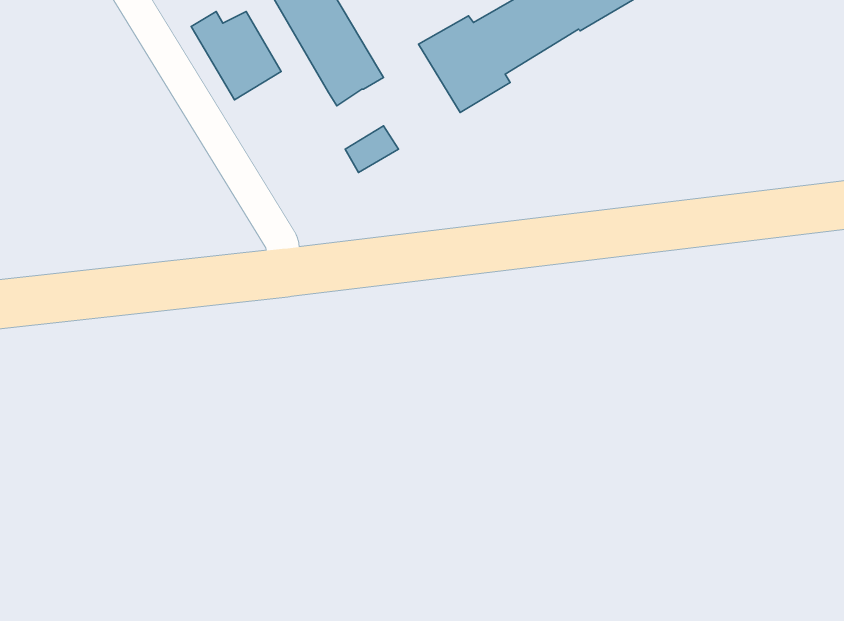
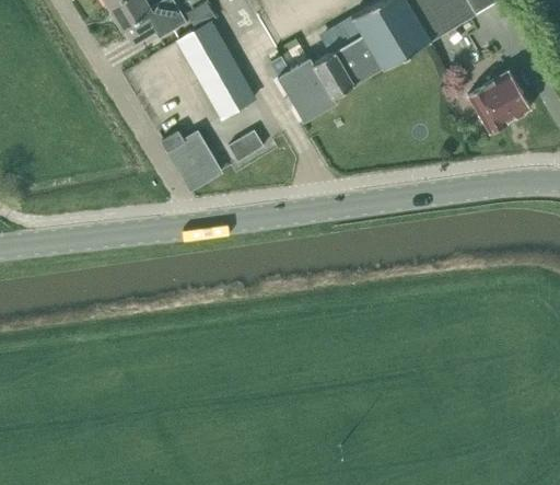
building: [191,11,281,100] -> [162,131,221,189]
building: none -> [468,69,532,132]

